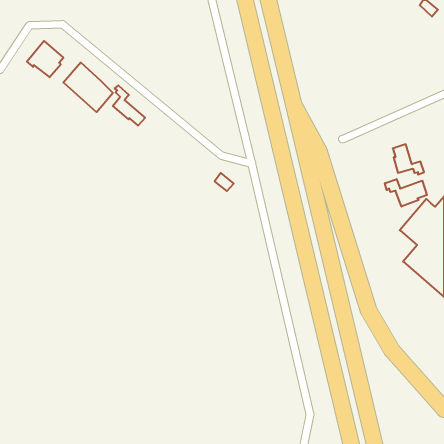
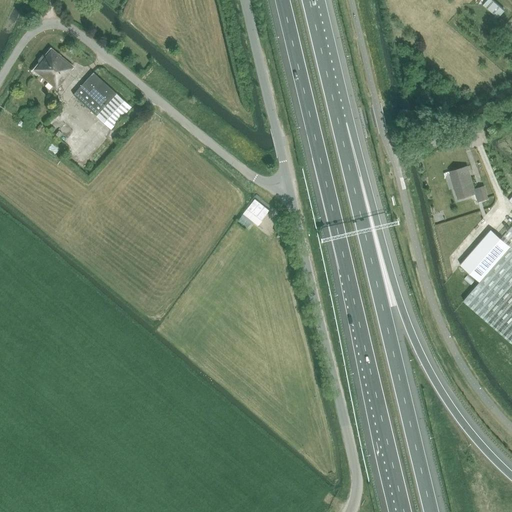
building: [113,85,145,126] -> none
building: [385,179,427,207] -> none

